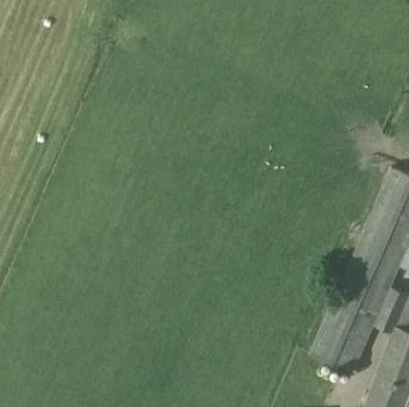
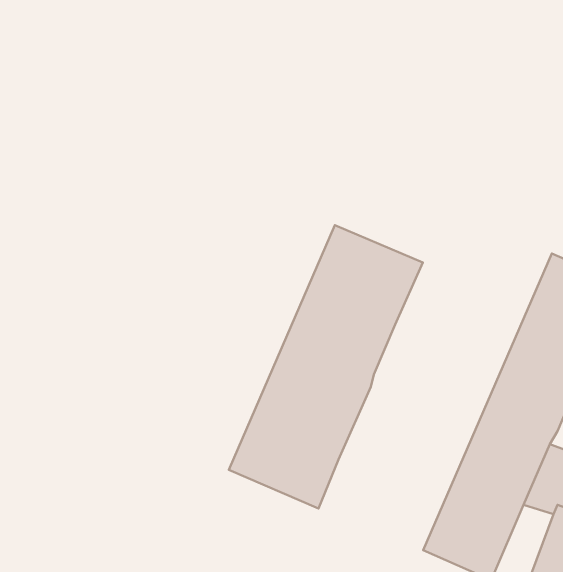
building: none -> [229,225,423,509]

